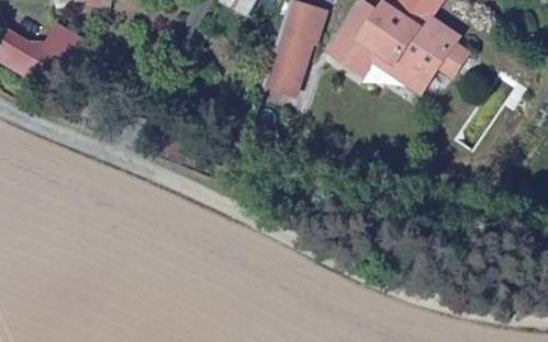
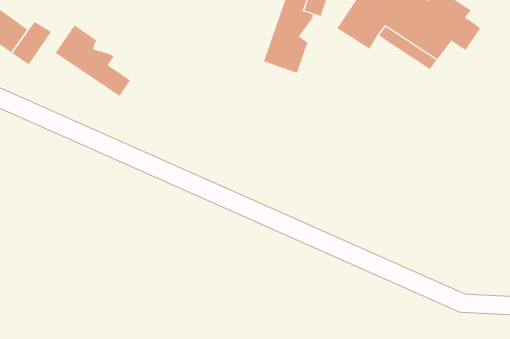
building: none -> [55,25,131,97]

